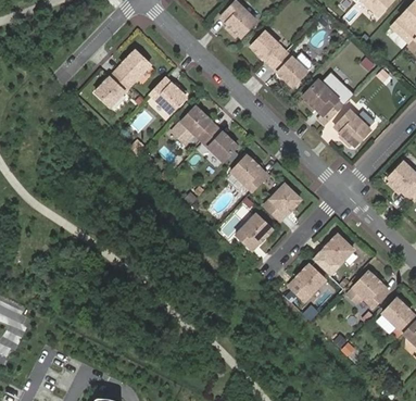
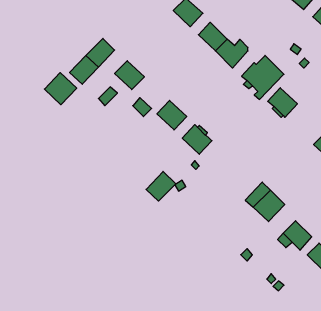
building: none -> [44,73,77,105]
building: [180,106,215,142] -> none
building: [263,184,300,221] -> none
building: [235,214,270,250] -> [146,171,176,201]
building: [288,265,326,303] -> none

